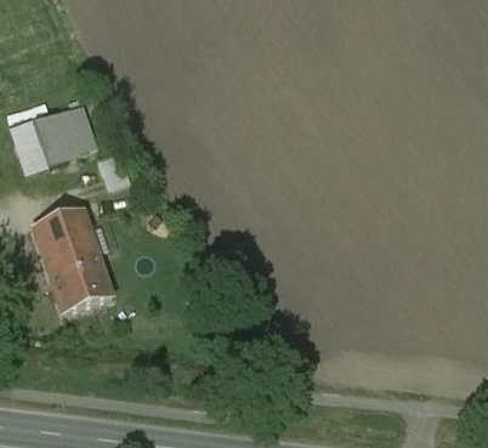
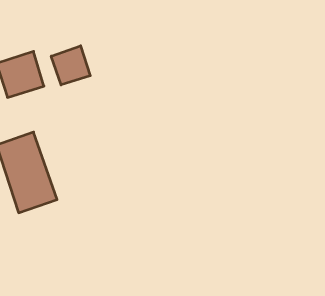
building: none -> [51,46,90,85]

